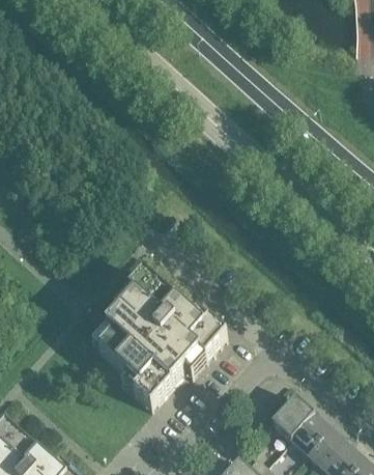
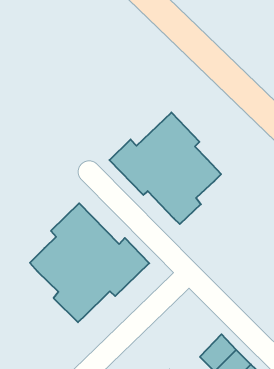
building: none -> [109,112,221,224]
building: [270,395,312,439] -> none

